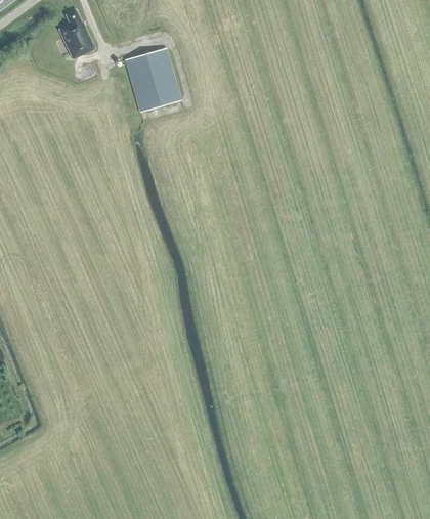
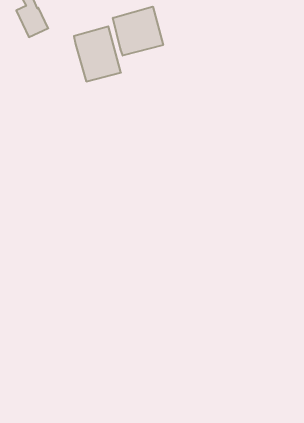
building: none -> [113,7,163,56]

